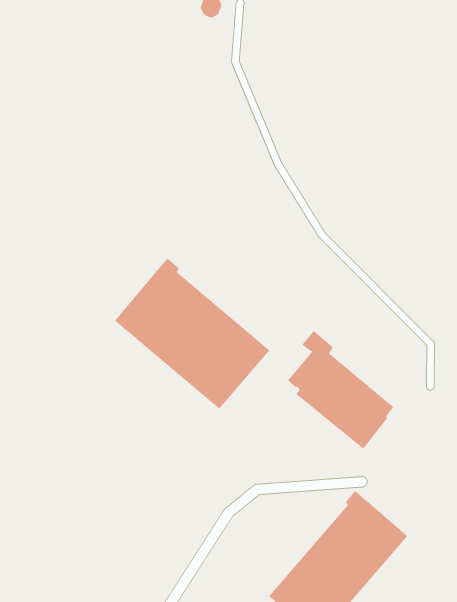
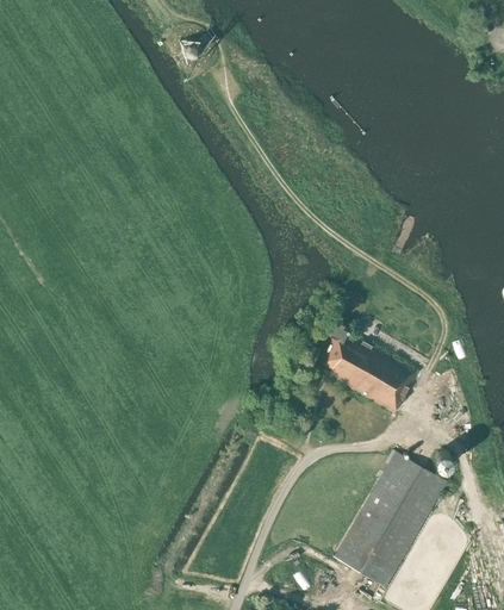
building: [114,258,270,409] -> none

